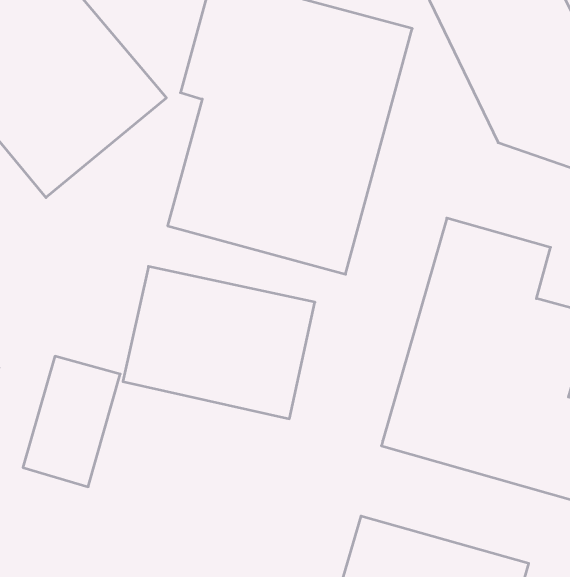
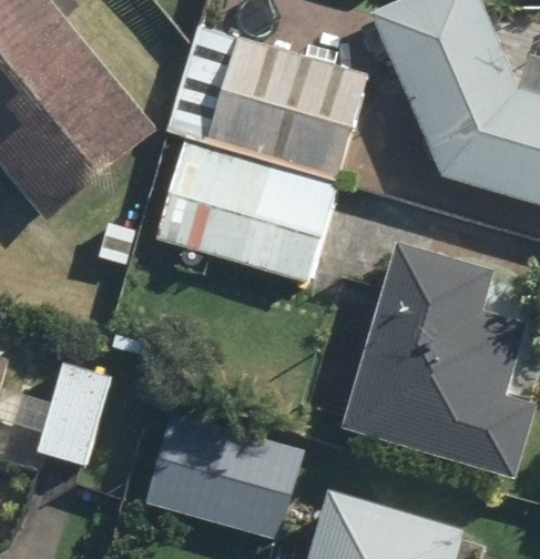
building: [123,266,315,419] -> [135,405,302,537]

